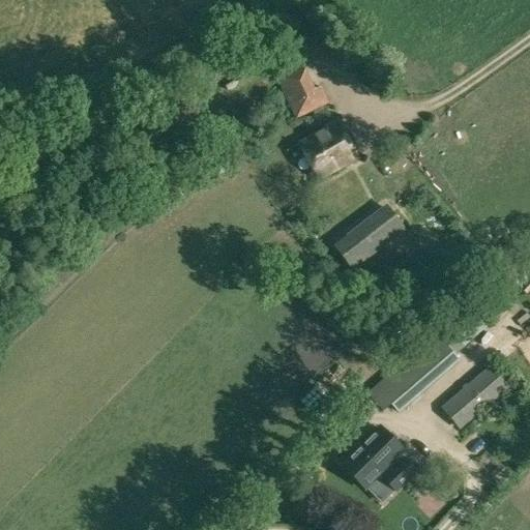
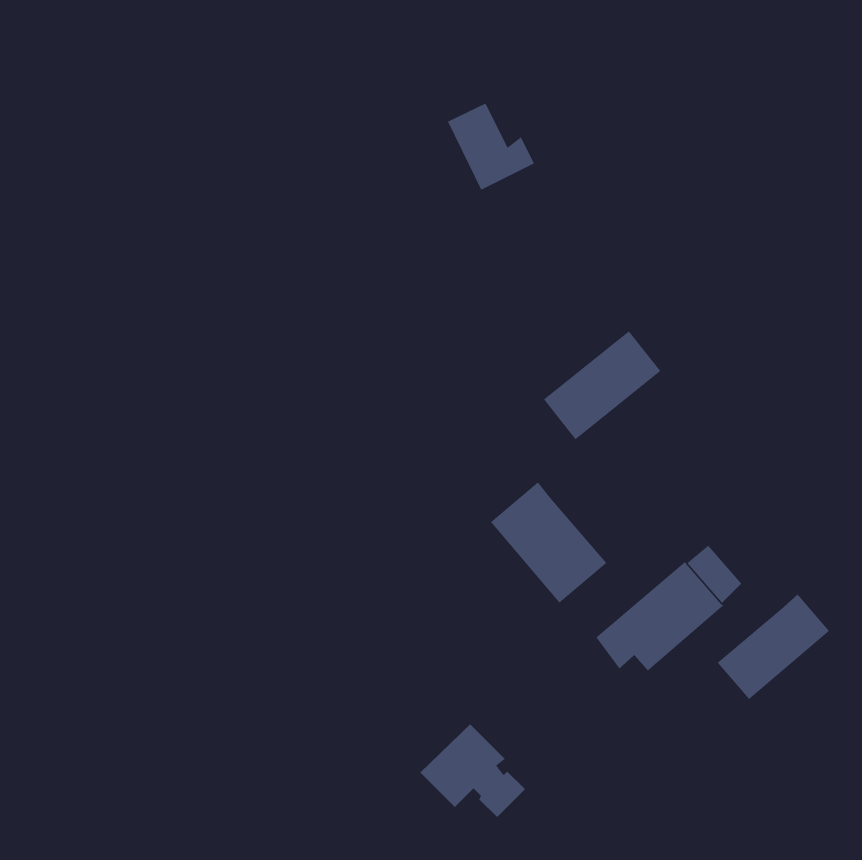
building: [297,119,358,178] -> none
building: none -> [490,482,607,603]
building: [348,428,413,485] -> [419,723,526,818]

